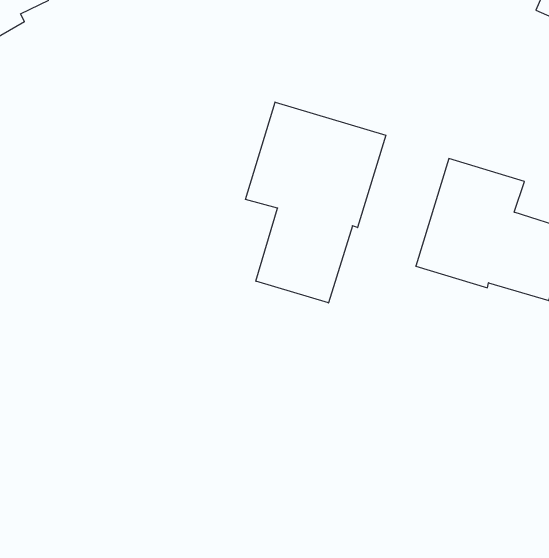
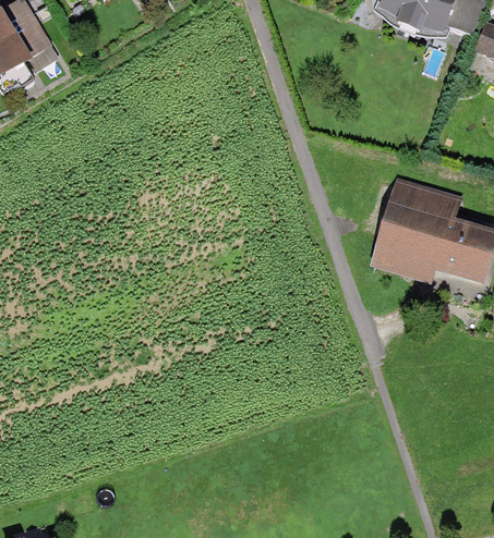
building: [245,102,386,303] -> none

